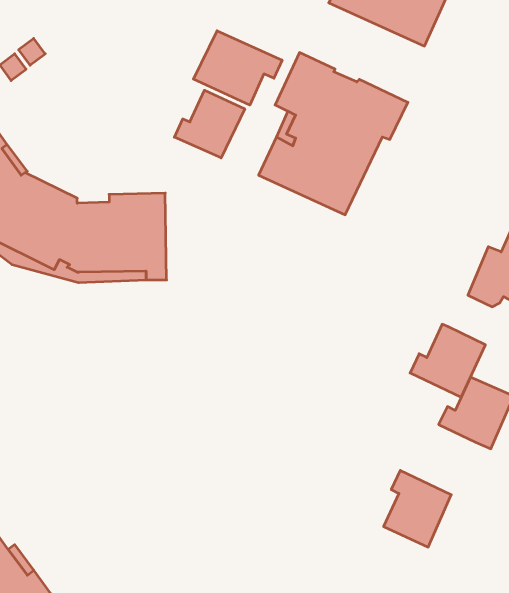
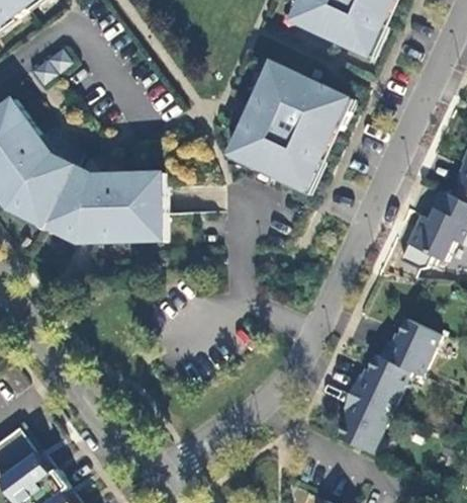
building: [193,31,282,105] -> none
building: [174,90,245,158] -> none
building: [410,324,485,397] -> [349,353,408,411]

